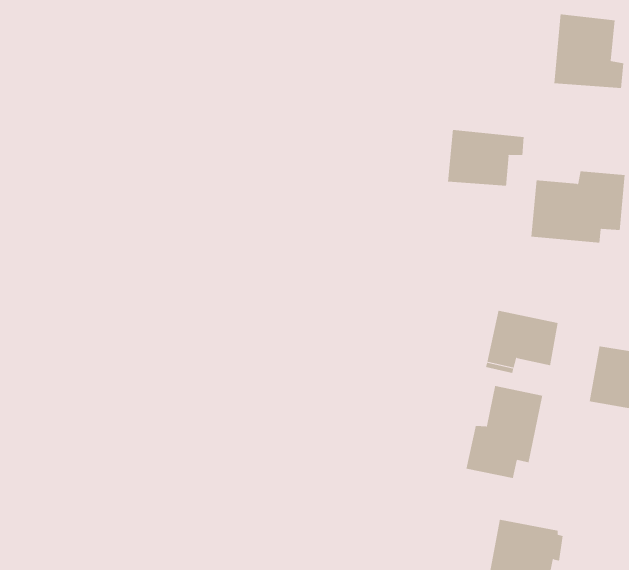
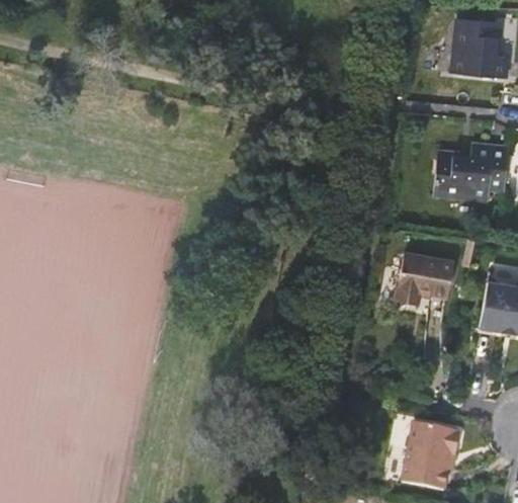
building: [448,129,524,187] -> none
building: [466,385,543,479] -> none

